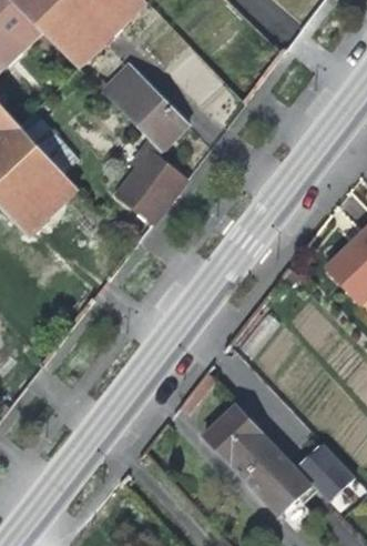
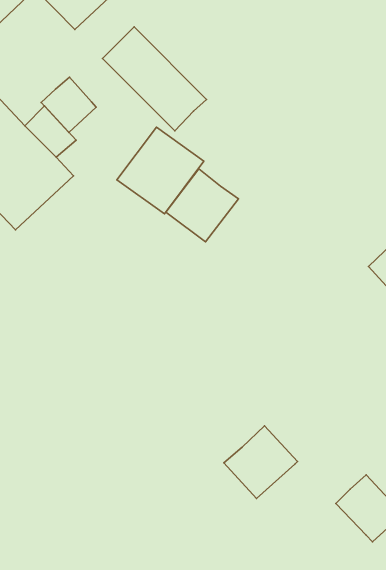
building: none -> [41,77,96,132]
building: none -> [166,169,239,242]
building: [231,433,310,514] -> none

